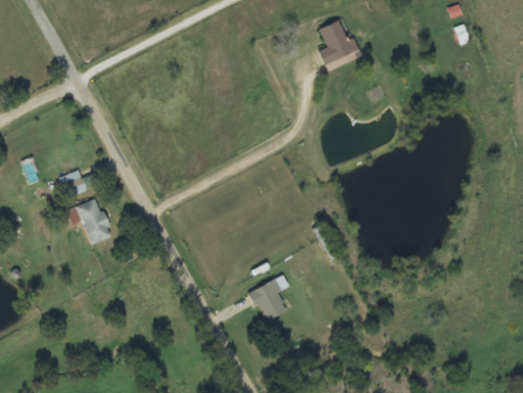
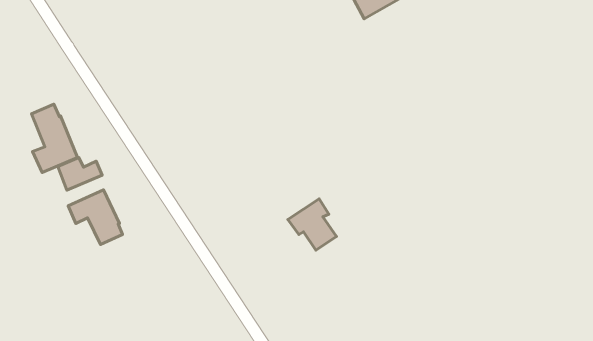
building: none -> [31,104,78,173]
building: [247,278,287,321] -> [288,199,337,250]

